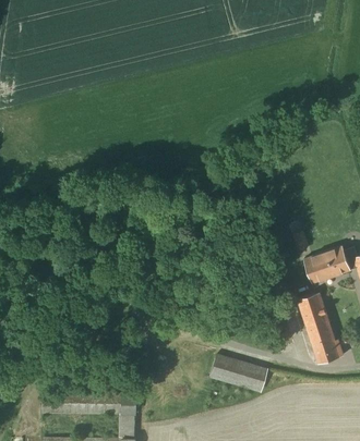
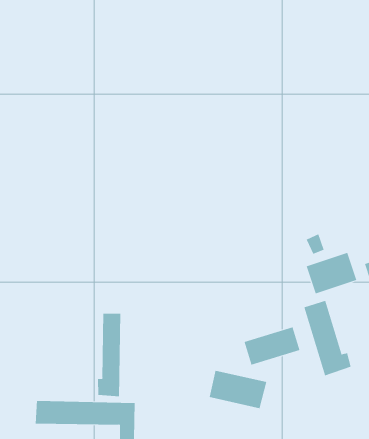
building: none -> [97,313,121,397]
building: none -> [244,326,300,366]

